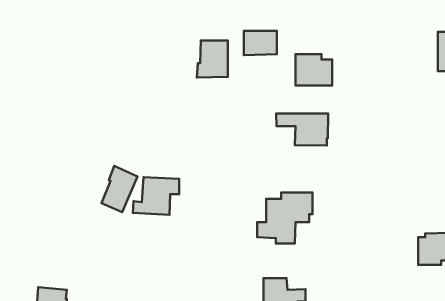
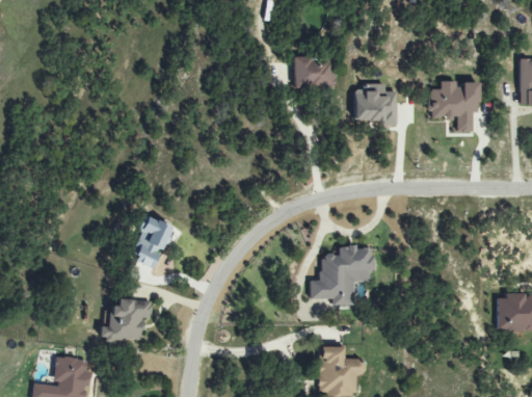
building: [197,40,228,78] -> none
building: none -> [429,81,479,133]
building: [276,113,328,145] -> none
building: [133,177,179,215] -> [99,298,153,342]

